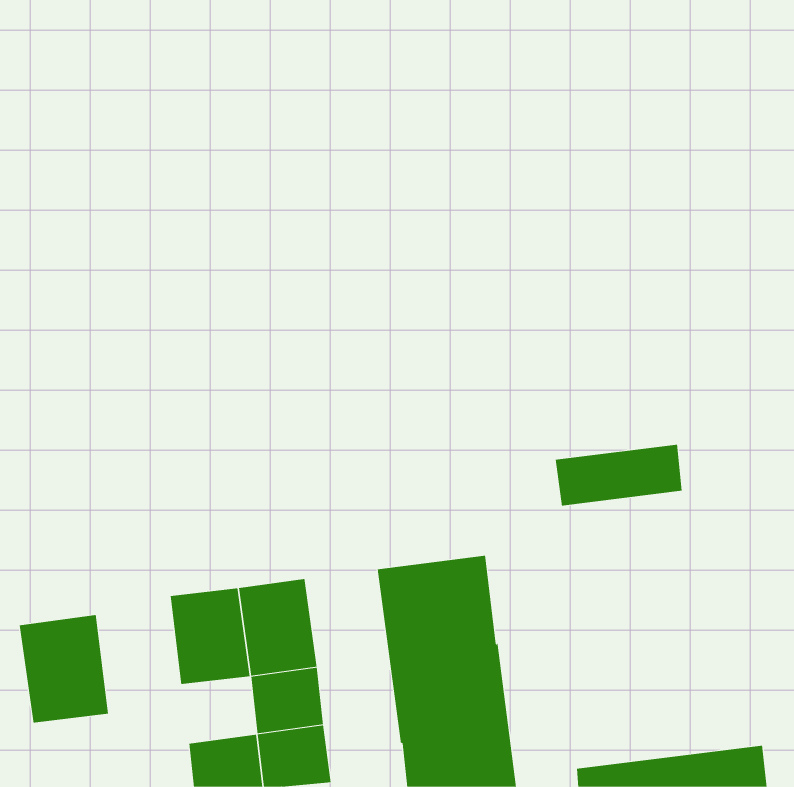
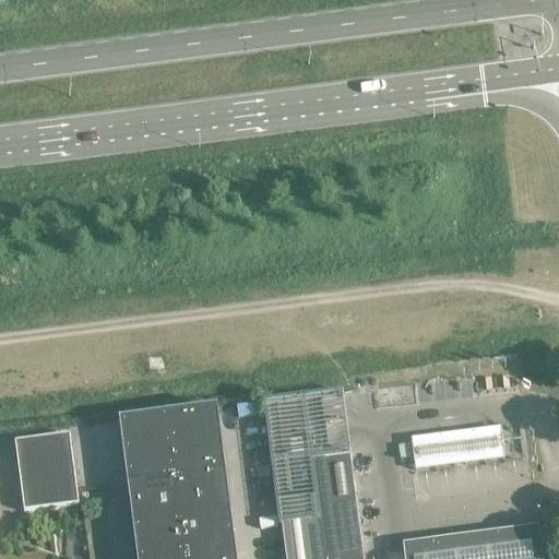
building: [555,444,683,506] -> [413,427,502,471]
building: none -> [127,475,180,522]

